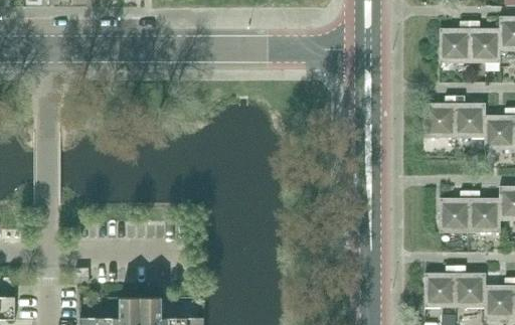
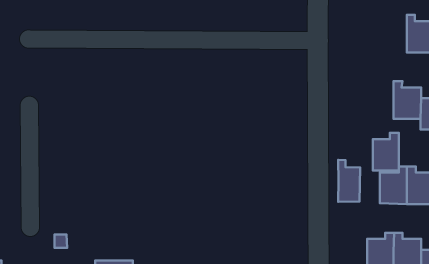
building: [440,21,470,63] -> none
building: [425,96,455,138] -> [373,133,399,170]
building: none -> [338,160,360,202]

